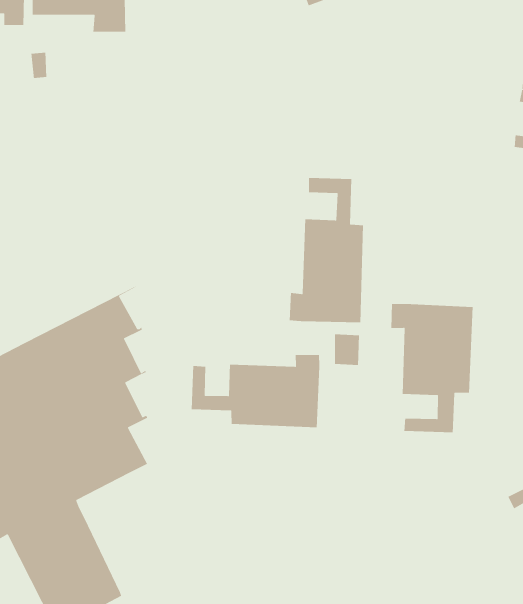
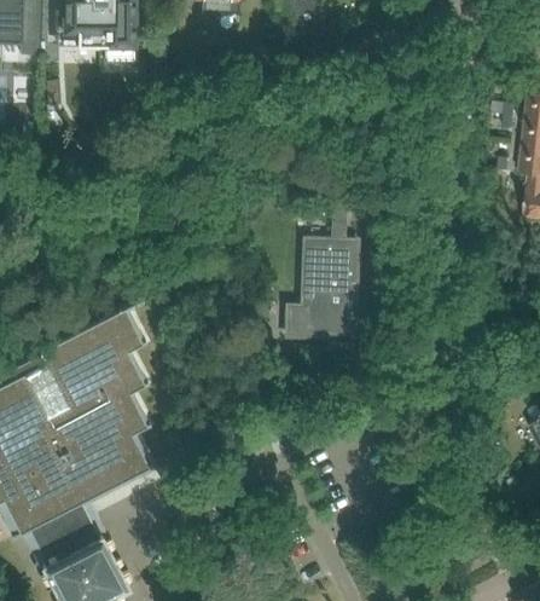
building: [391,303,473,433] -> none
building: [191,354,320,428] -> none

